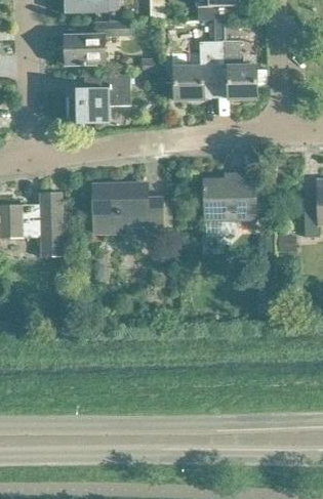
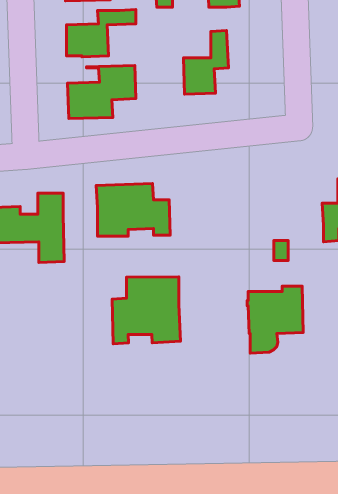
building: [215,17,258,98] -> none
building: [204,173,256,236] -> [247,286,303,353]
building: none -> [112,277,181,344]

